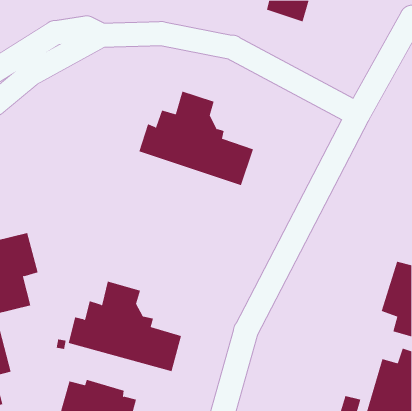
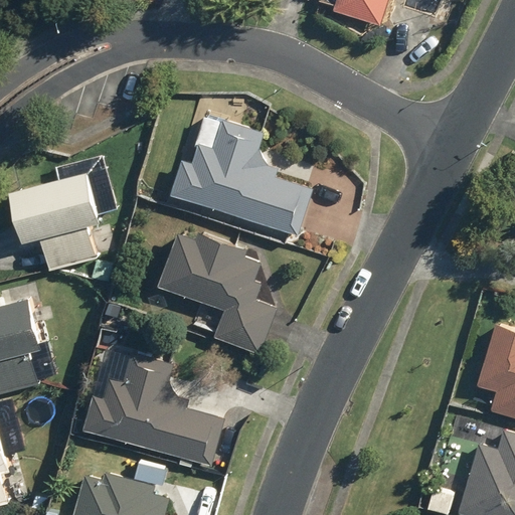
building: none -> [18,167,106,269]
building: none -> [159,233,277,355]

